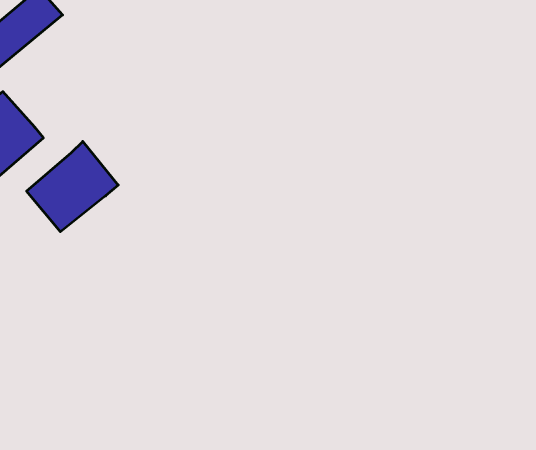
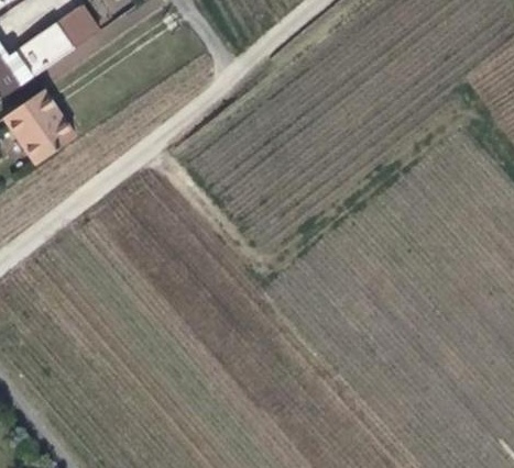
building: [27,141,118,232] -> none

